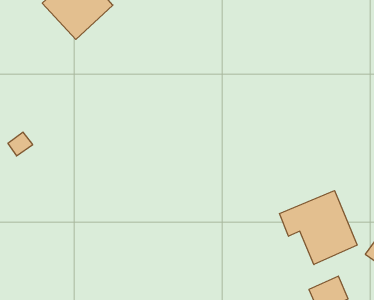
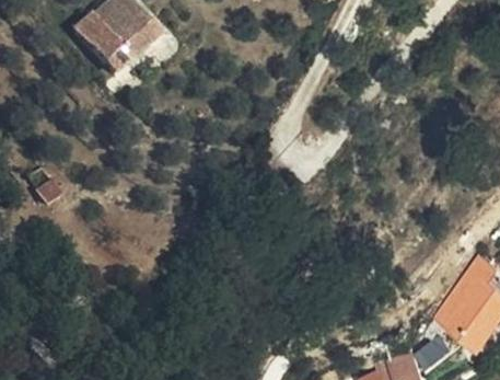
building: [279,191,357,265] -> none

